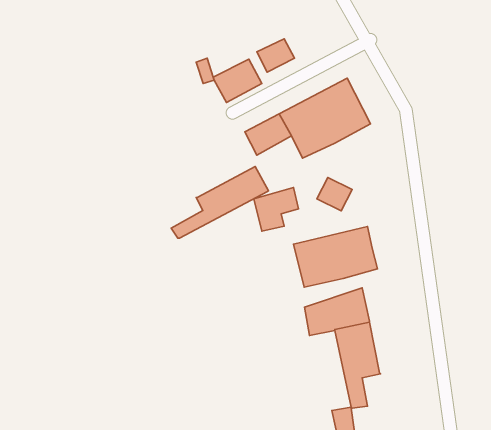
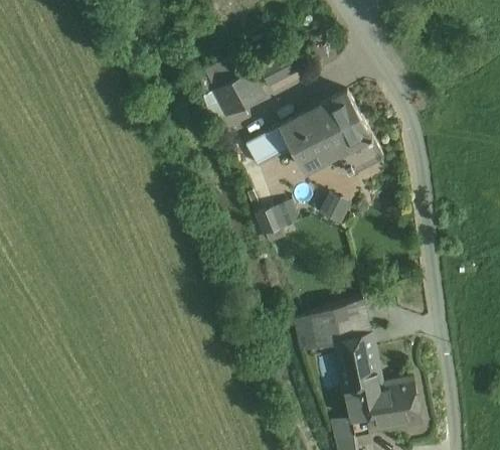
building: none -> [335,137,381,177]
building: [171,166,268,238] -> none
building: [293,227,378,287] -> none
building: none -> [362,379,422,431]

